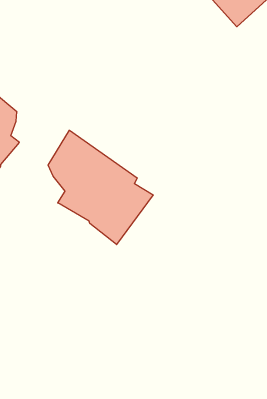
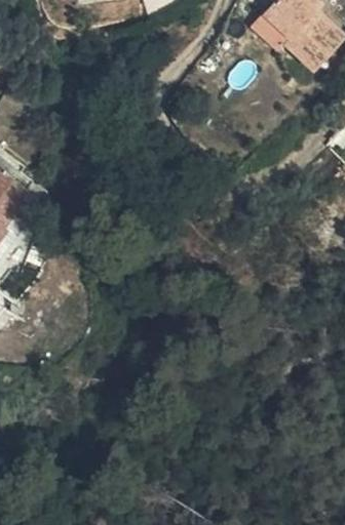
building: [48,130,153,245] -> none

